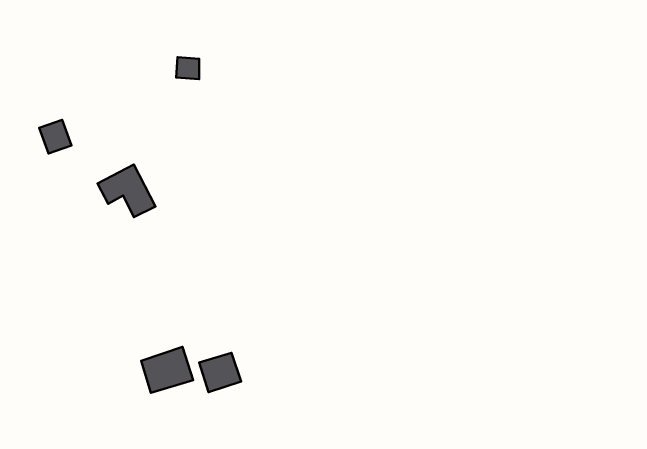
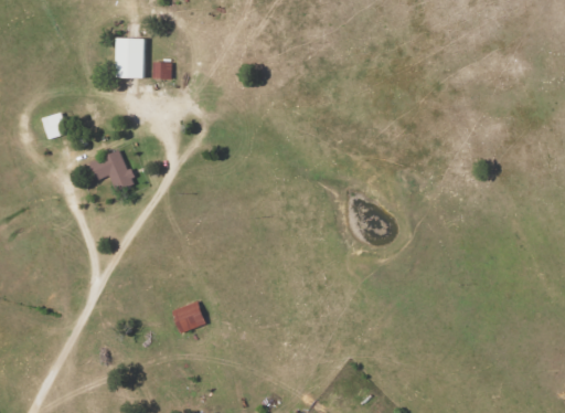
building: none -> [115,38,146,77]
building: [141,347,193,393] -> none

